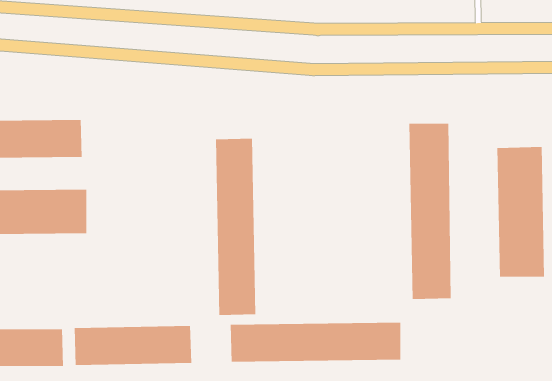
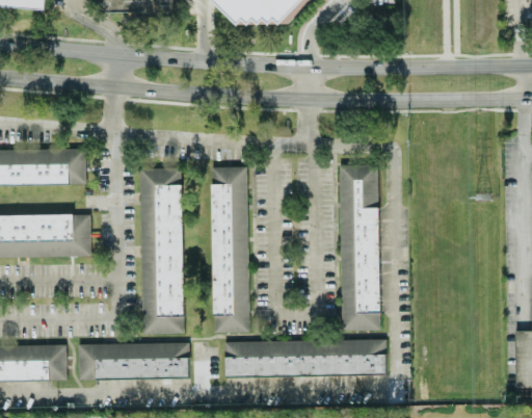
building: [408,123,451,299] -> [338,165,378,331]
building: none -> [138,167,183,335]
building: [497,146,545,278] -> none

